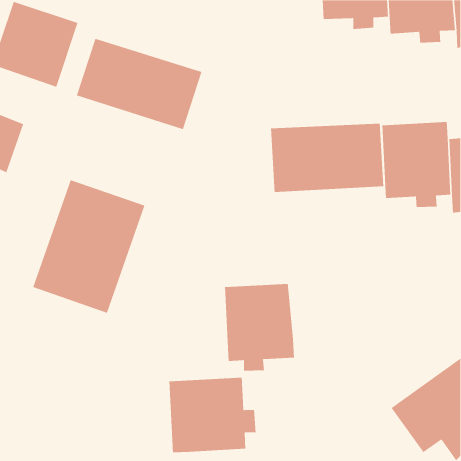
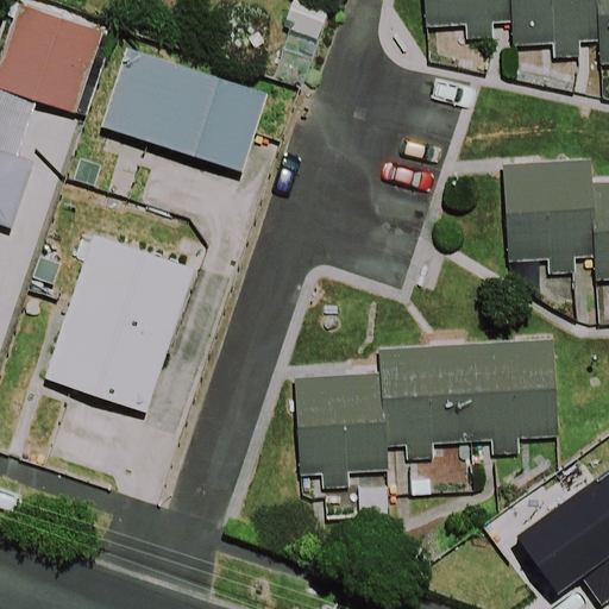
building: [270,123,384,193] -> none
building: none -> [379,338,559,459]
building: [169,377,256,453] -> none

